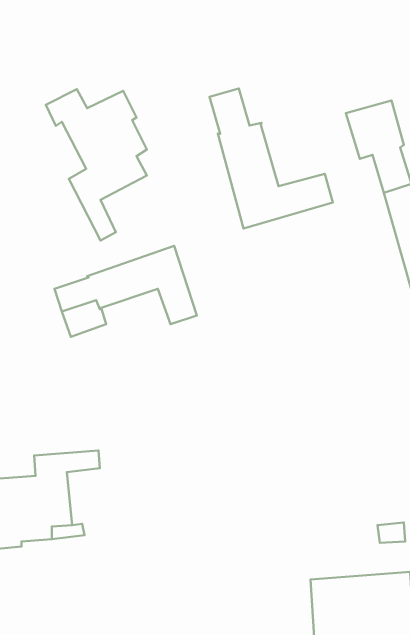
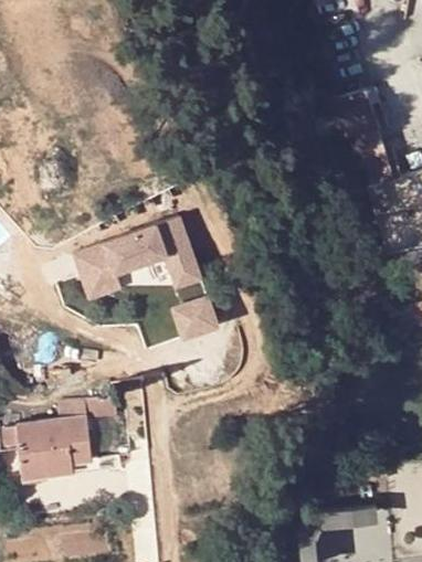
building: [210,89,333,228] -> none
building: [46,89,147,241] -> none
building: none -> [173,298,218,339]

